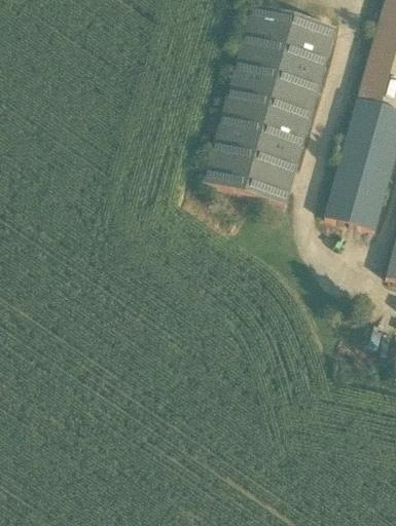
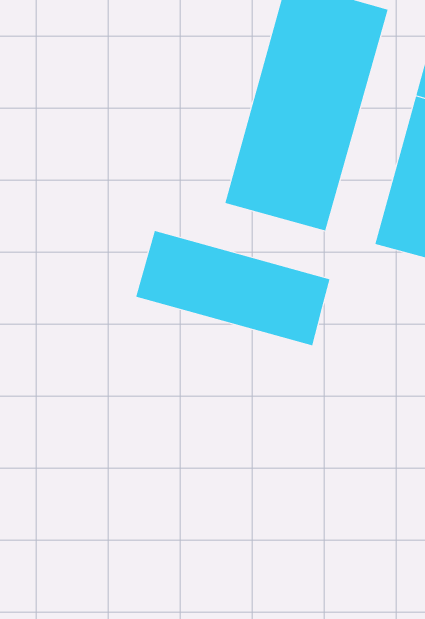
building: none -> [136,230,330,346]

